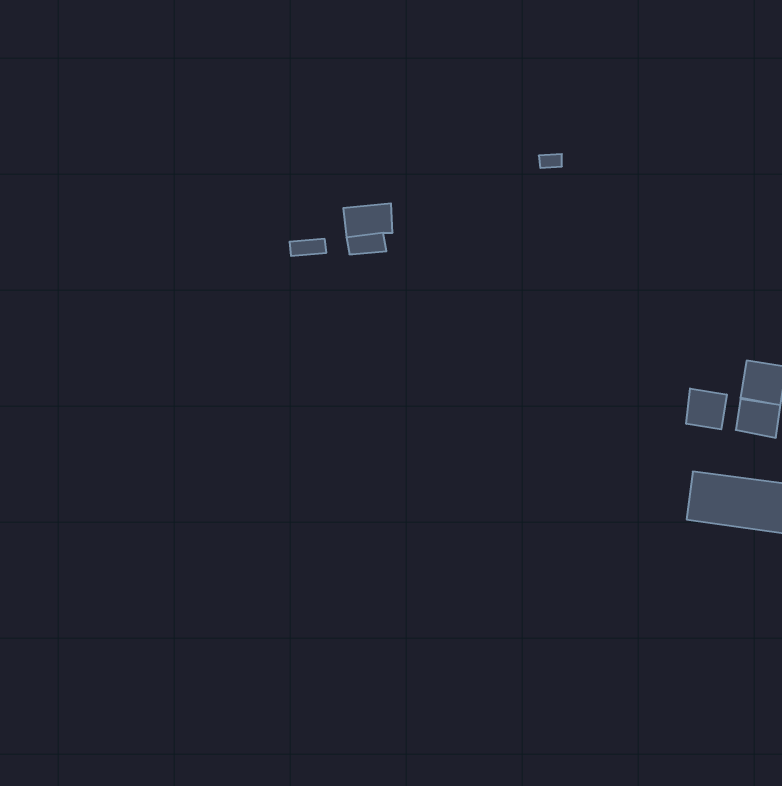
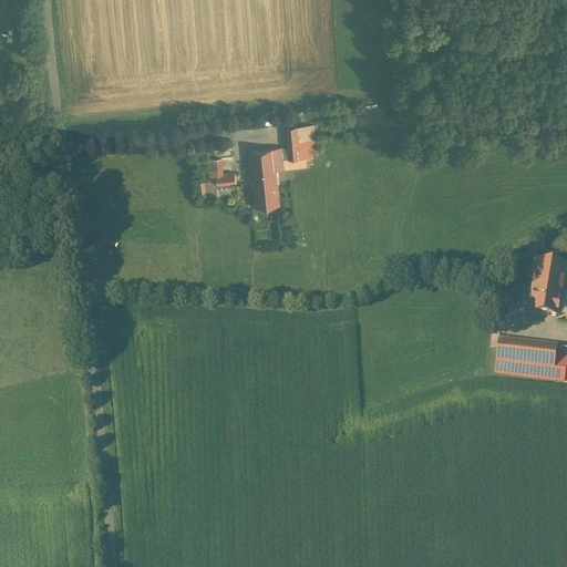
building: none -> [289,124,320,158]
building: none -> [257,181,284,205]
building: [686,388,727,429] -> none

